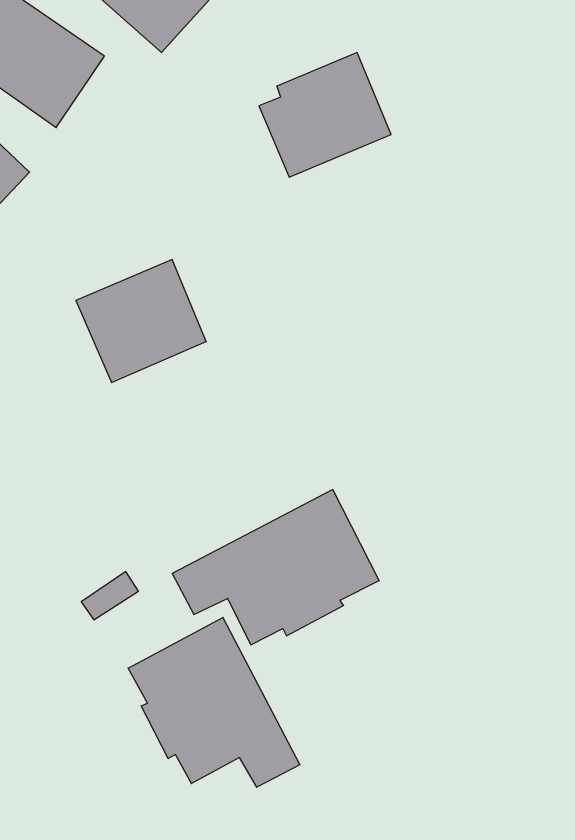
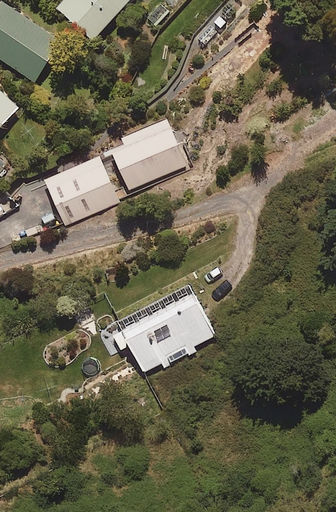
building: [259,52,391,177] -> [112,120,186,190]
building: [128,617,300,787] -> none

